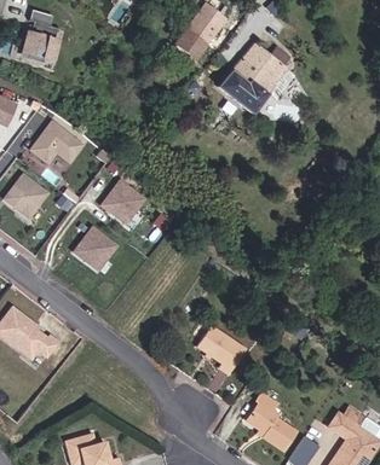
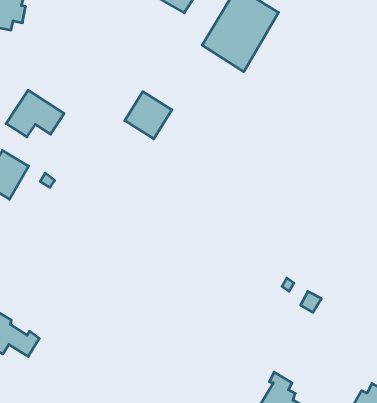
building: [103,179,146,222] -> [125,92,172,139]
building: [74,222,120,269] -> none
building: [201,324,253,376] -> none

